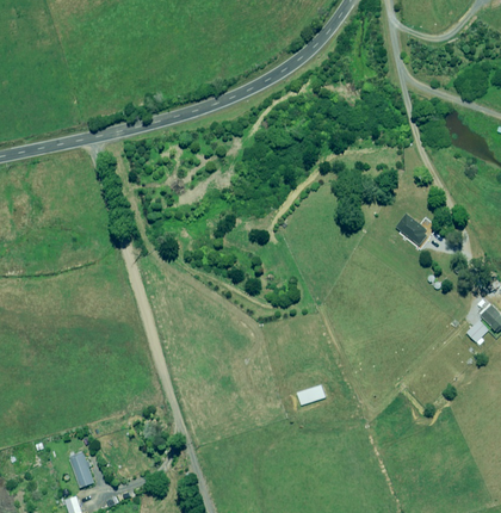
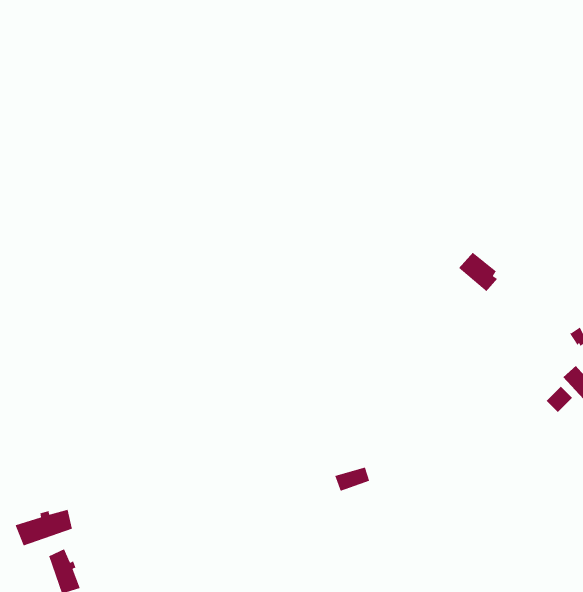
building: none -> [15,509,73,546]

